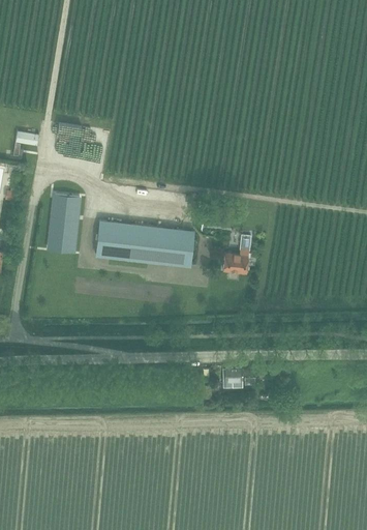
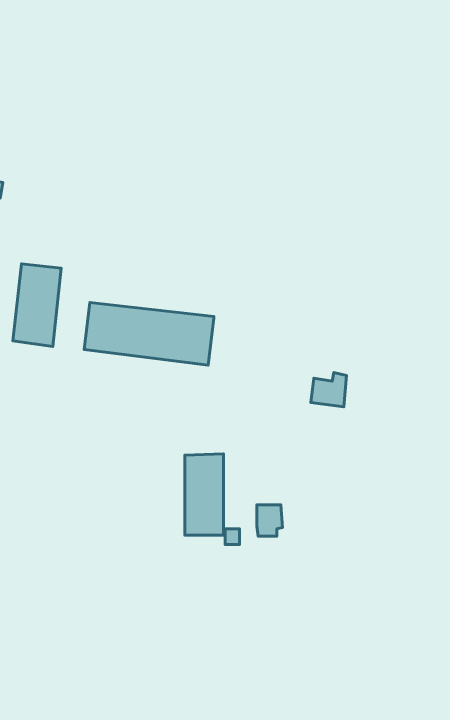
building: [222,248,248,273] -> [311,373,347,407]
building: none -> [185,454,224,535]

